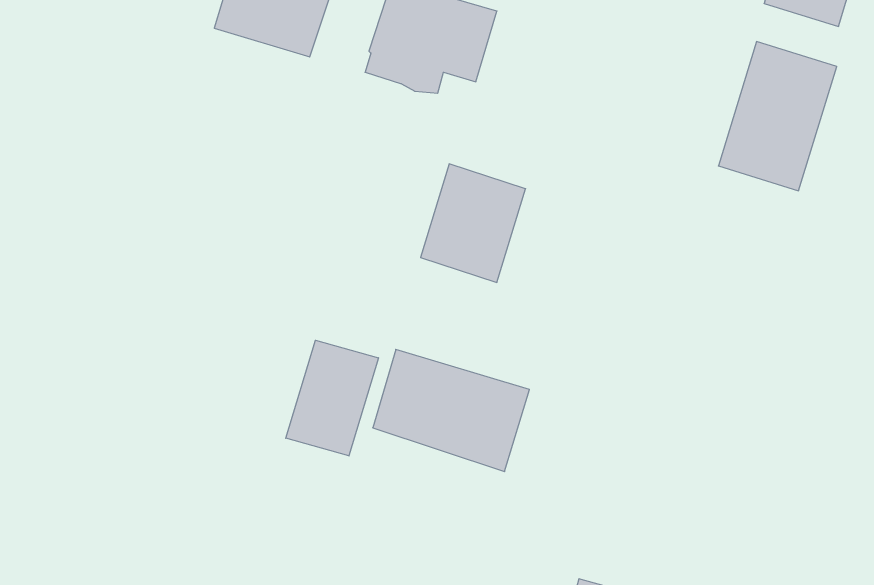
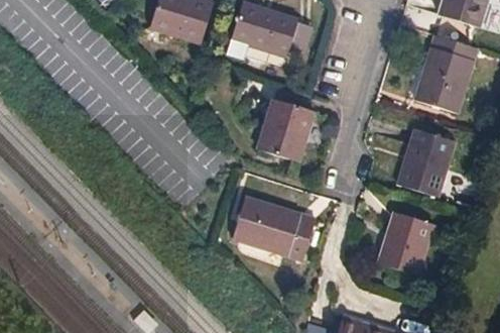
building: none -> [398,129,456,197]
building: [286,340,378,456] -> none
building: none -> [378,212,433,275]

